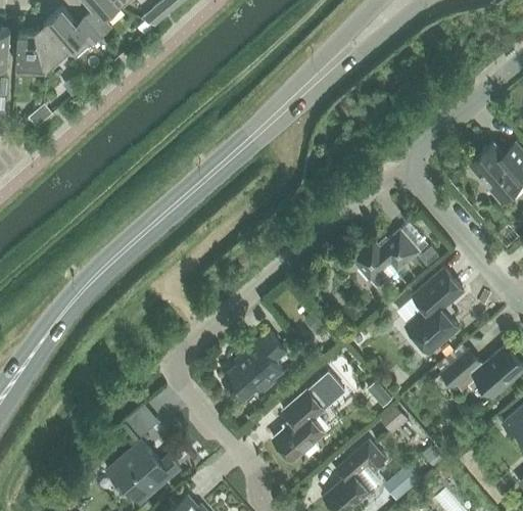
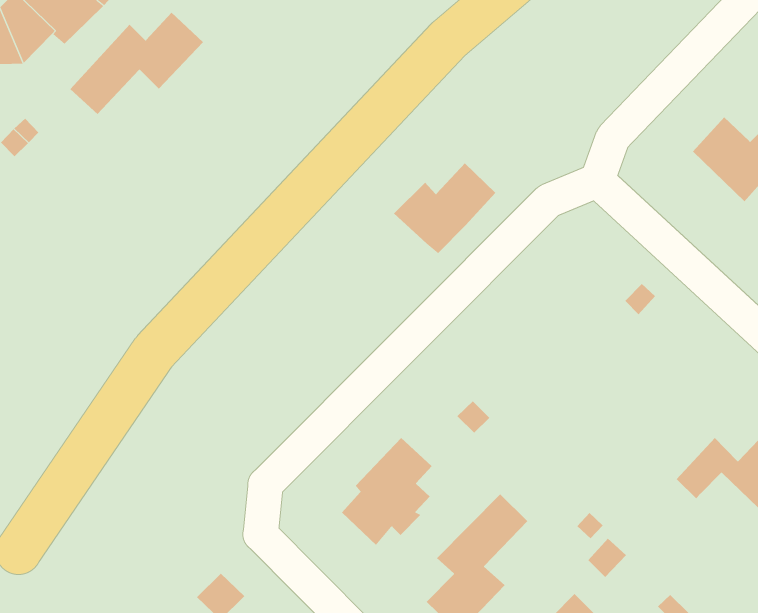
building: none -> [70,12,204,115]
building: [351,230,419,287] -> [393,162,496,254]
building: [405,268,464,354] -> none

